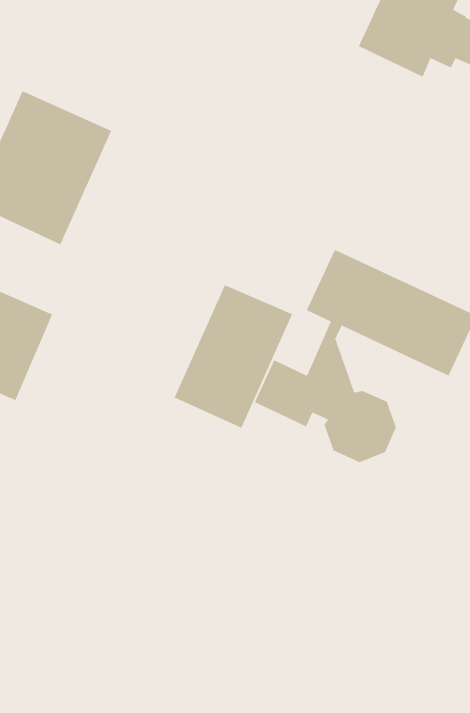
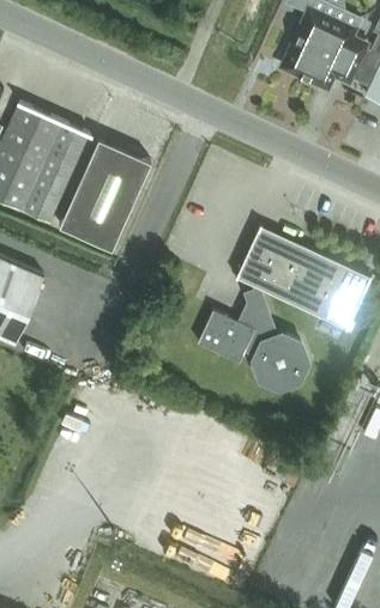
building: [173,284,293,429] -> [59,140,151,251]

